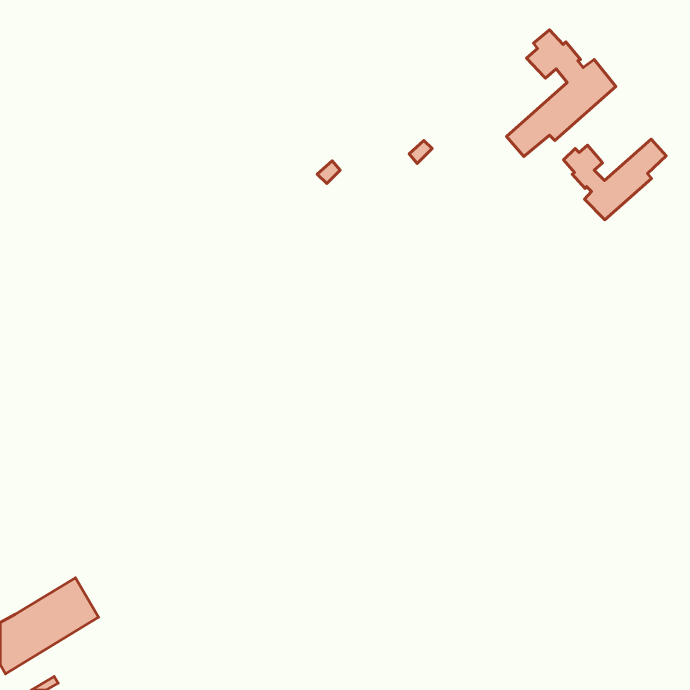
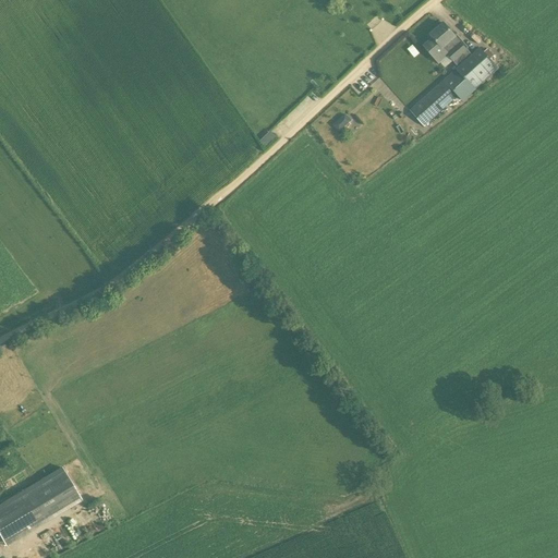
building: [563,139,666,220] -> none

